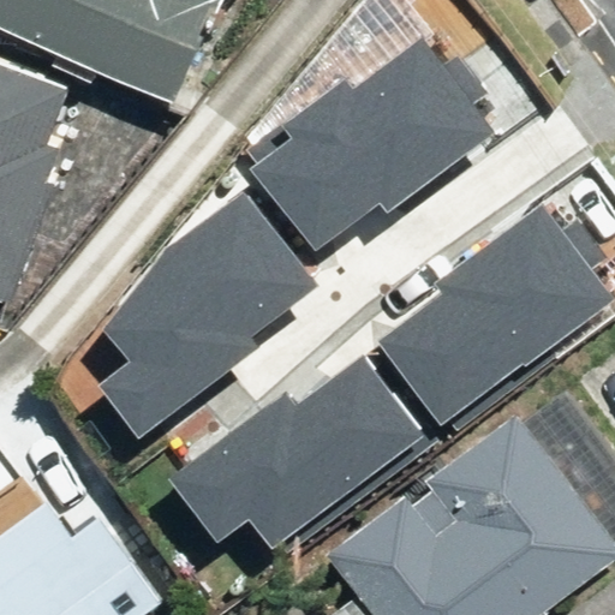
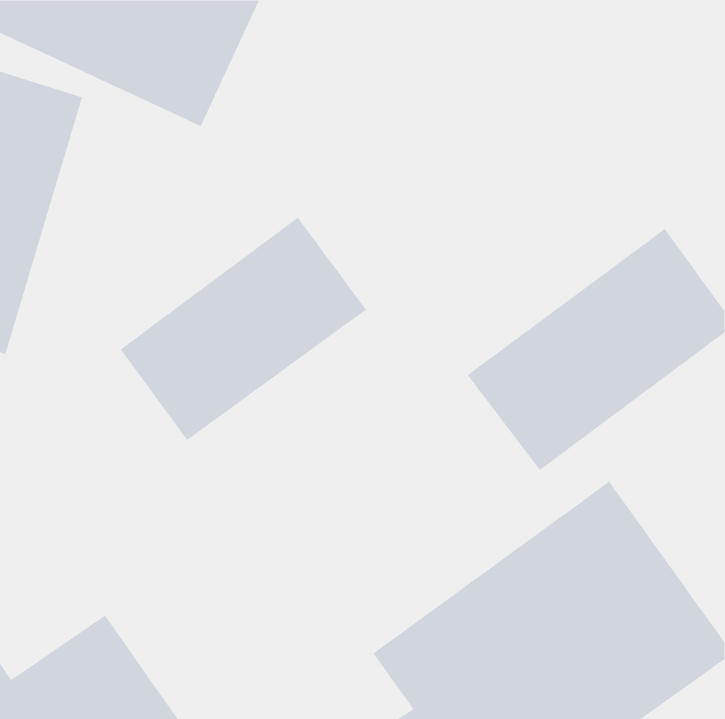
building: [263,30,504,249] -> none
building: [184,352,417,554] -> none

